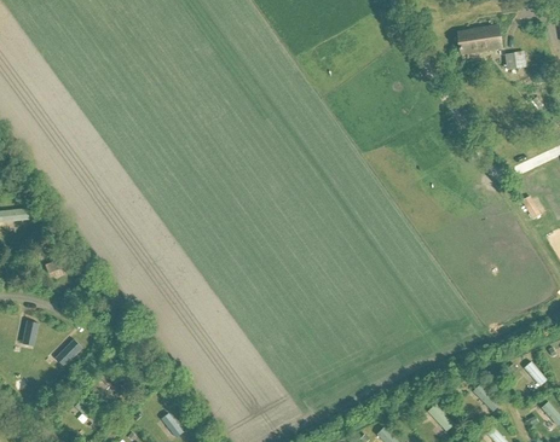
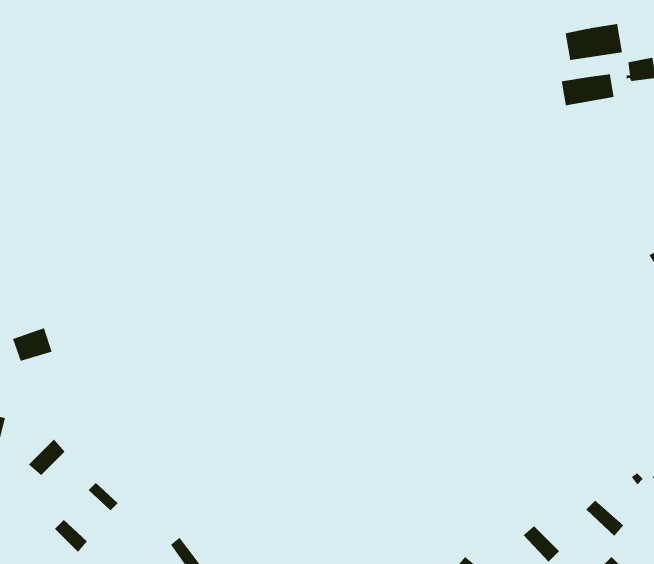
building: none -> [561,74,614,106]

